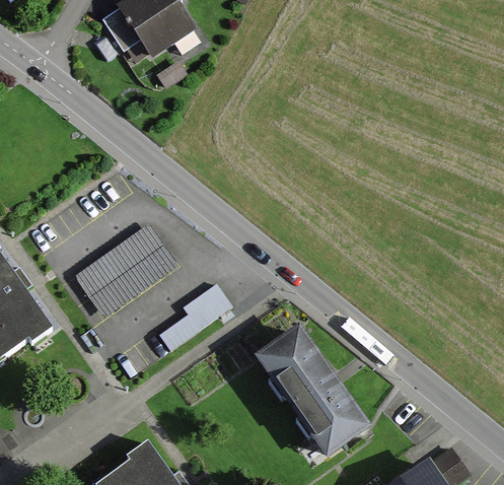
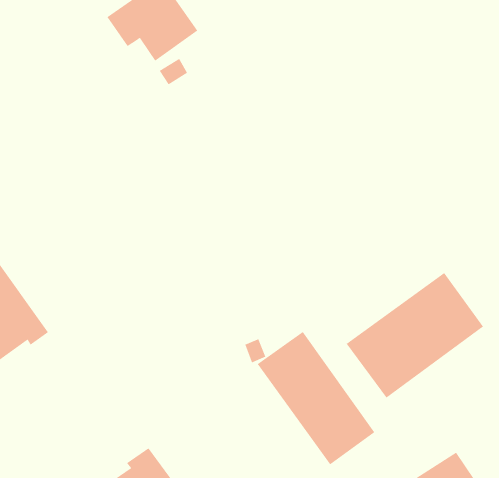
building: [75,223,174,314] -> none
building: none -> [346,272,484,399]
building: [158,283,230,348] -> none

